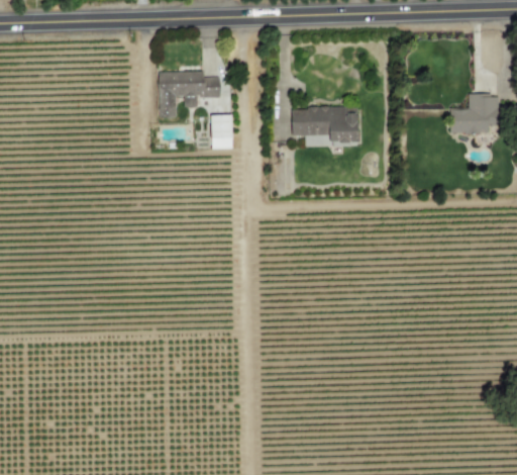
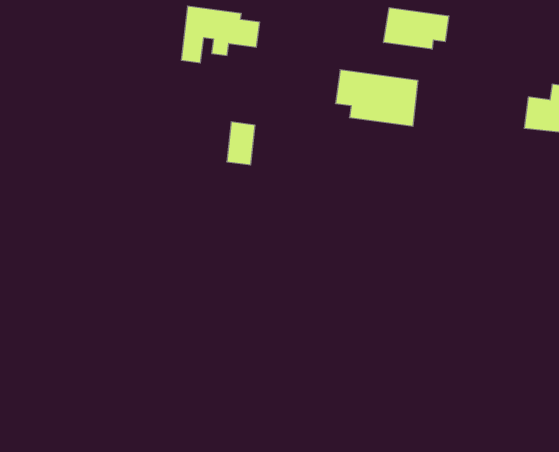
building: none -> [384,8,449,49]
building: [211,114,232,148] -> [227,122,255,165]

